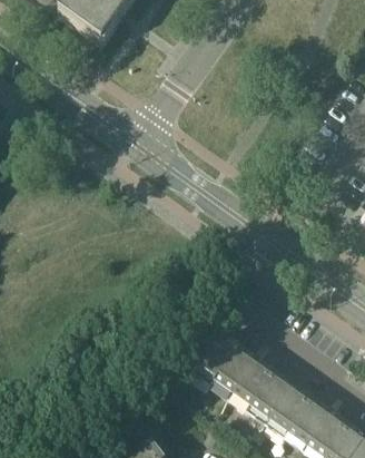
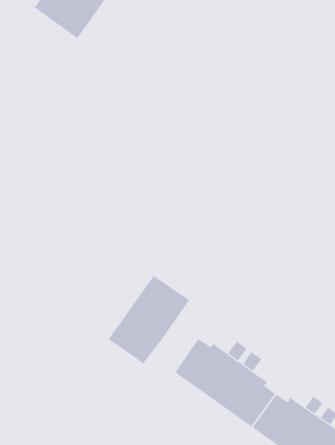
building: none -> [108,275,190,365]

